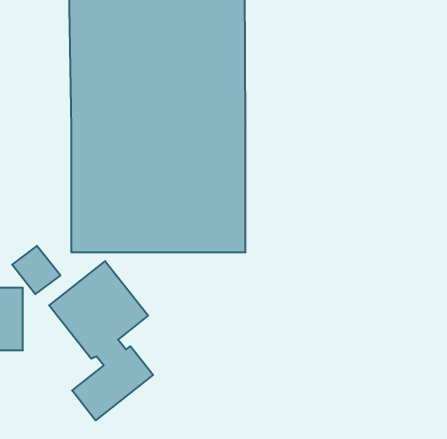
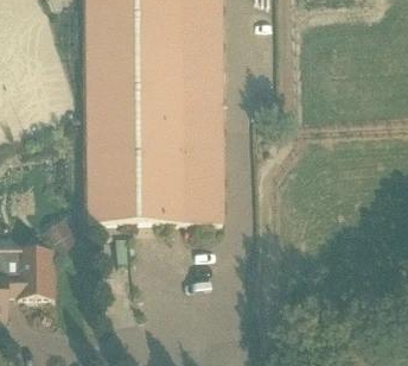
building: [49,261,153,420] -> none

